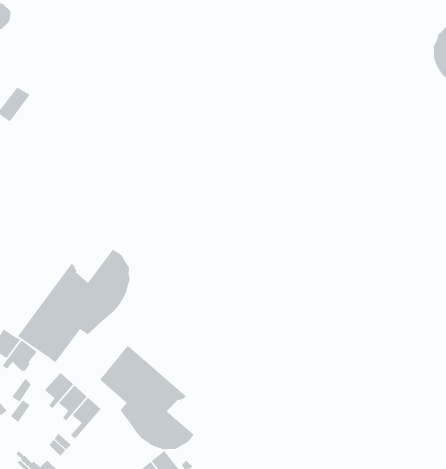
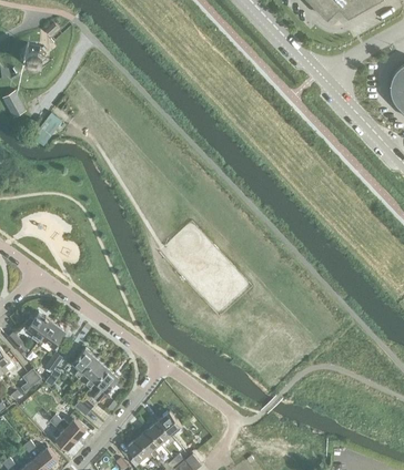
building: [17,249,130,363] -> none
building: [99,345,194,450] -> none

